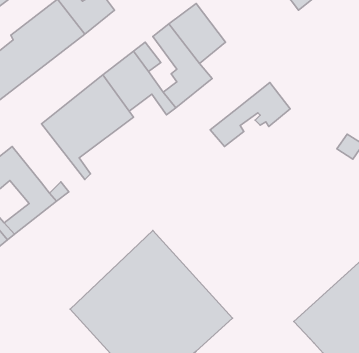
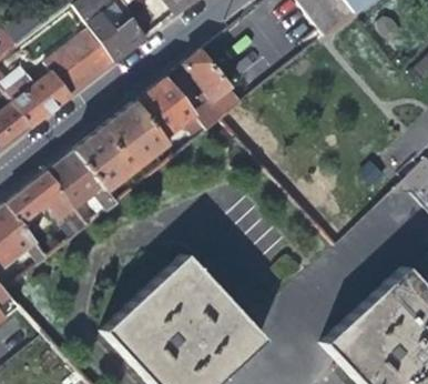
building: [210,82,290,146] -> none
building: none -> [47,149,118,211]

